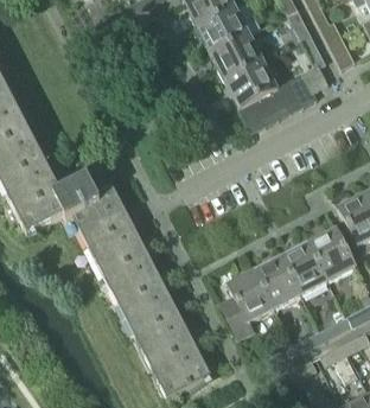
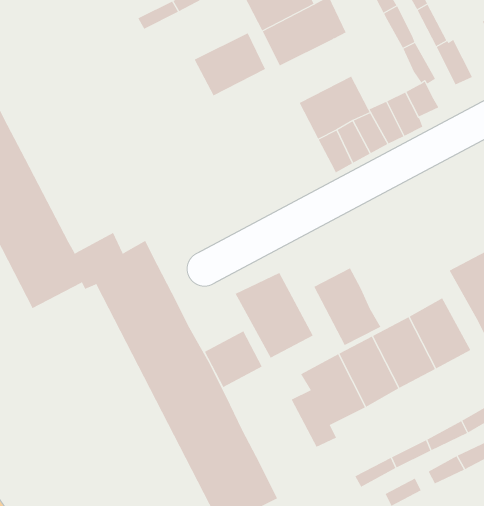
building: [211,34,264,82] -> [194,32,266,96]
building: none -> [314,268,381,346]
building: none -> [235,272,314,358]
building: none -> [204,331,263,388]

